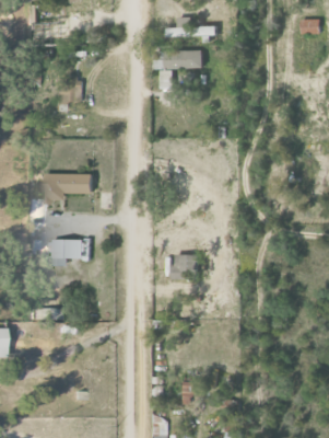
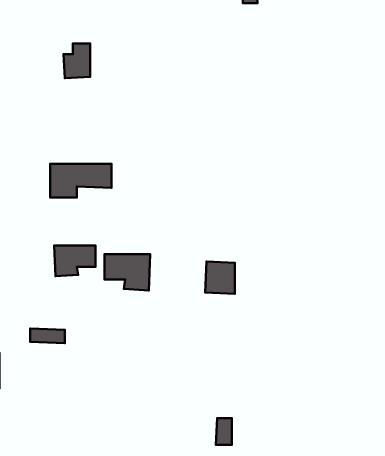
building: [158,49,207,88] -> none
building: none -> [105,254,150,291]

